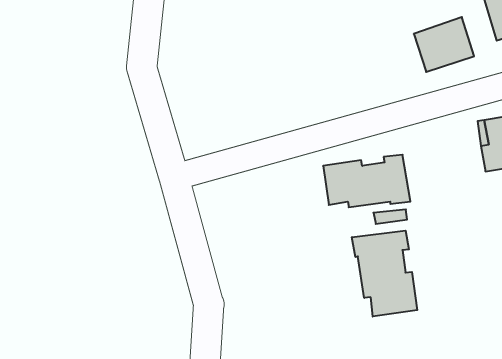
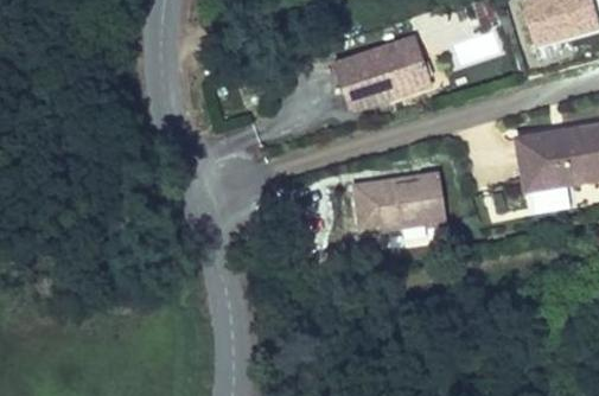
building: none -> [334,32,434,107]
building: [352,231,417,317] -> none

